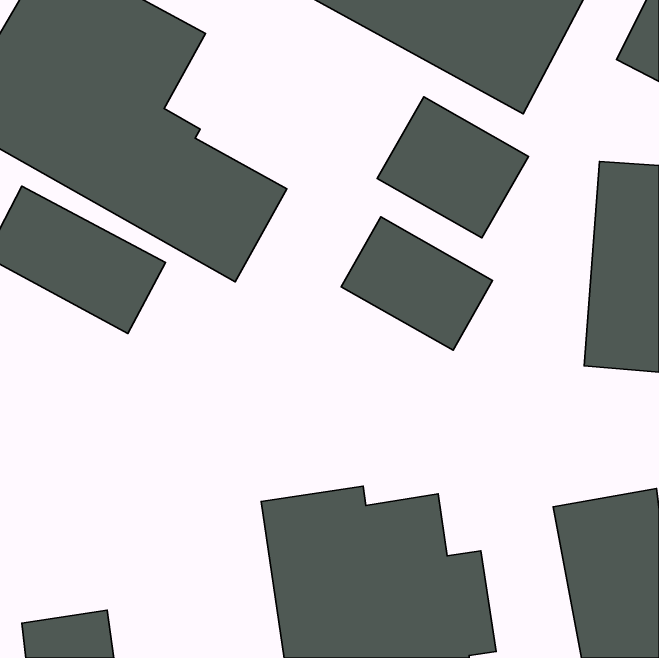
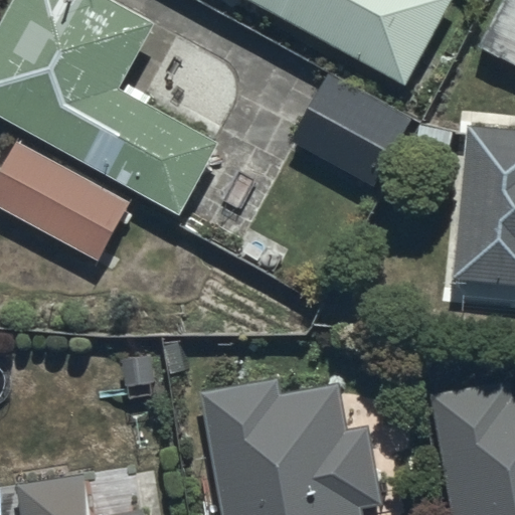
building: [341,217,493,350] -> none

